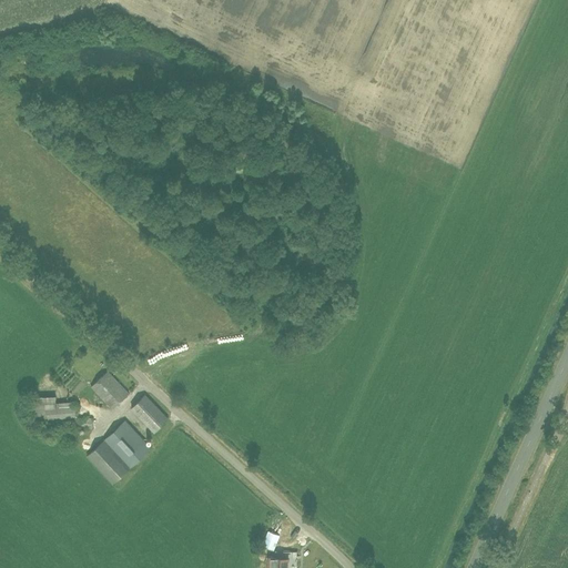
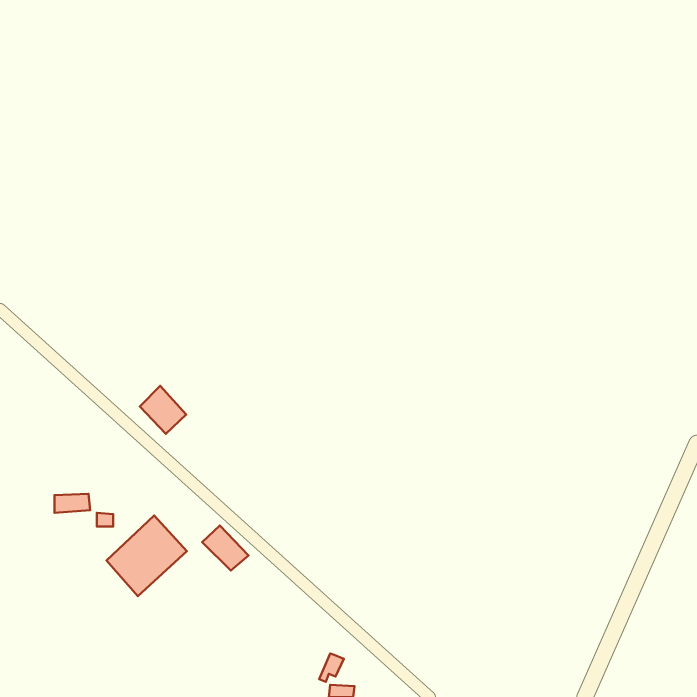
building: [91,371,129,409] -> [140,386,186,434]
building: [131,395,169,432] -> [202,526,248,571]

